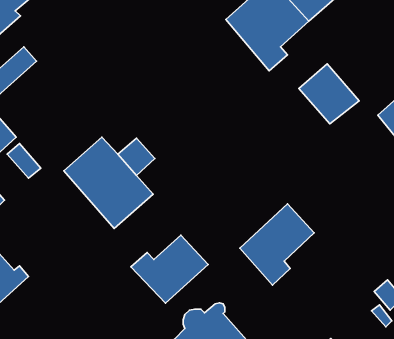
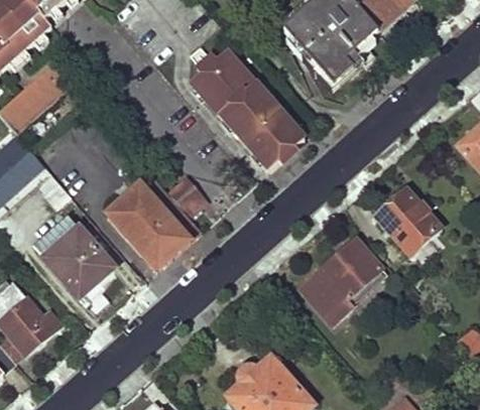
building: none -> [182,38,307,171]
building: [299,64,359,124] -> [373,188,442,257]
building: none -> [44,229,112,293]
building: [131,235,208,303] -> none

